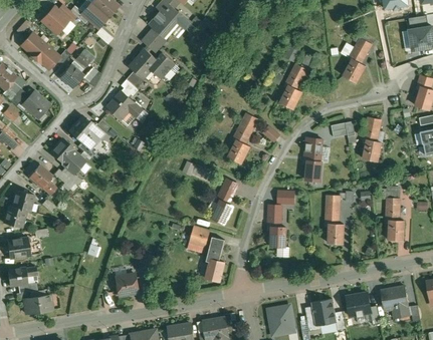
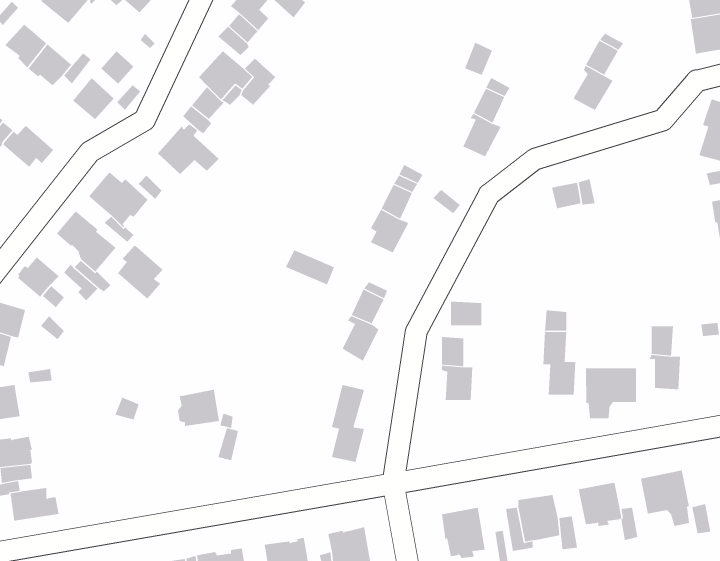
building: [363,122,382,161] -> none
building: [303,143,322,181] -> none
building: none -> [117,245,163,299]
building: [187,225,209,253] -> none
building: none -> [586,368,637,419]
building: [115,274,139,295] -> [177,389,220,426]

